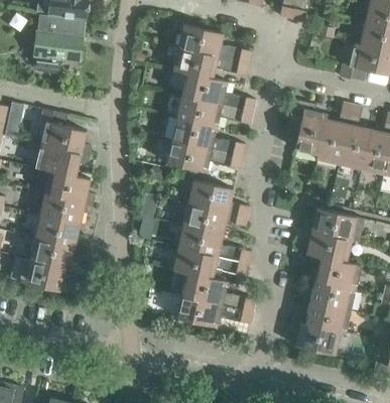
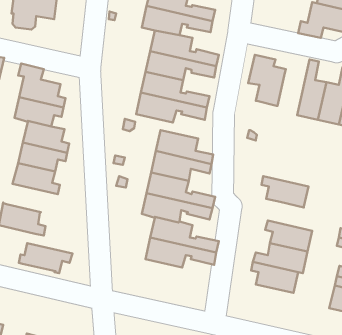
building: [315,102,352,163] -> none
building: [302,208,364,241] -> none
building: [25,237,83,269] -> [19,243,72,273]
building: [307,256,360,287] -> none

